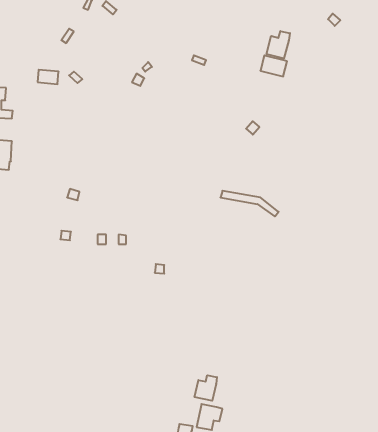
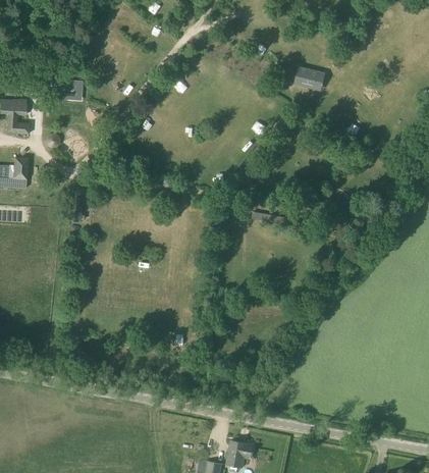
building: [266,31,290,58] -> none
building: [195,375,217,401] -> none

